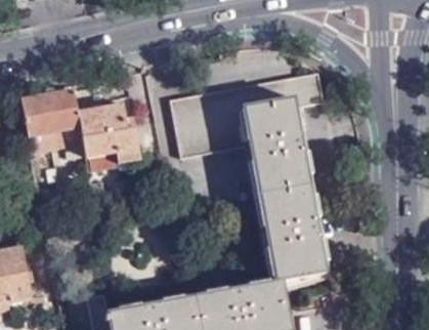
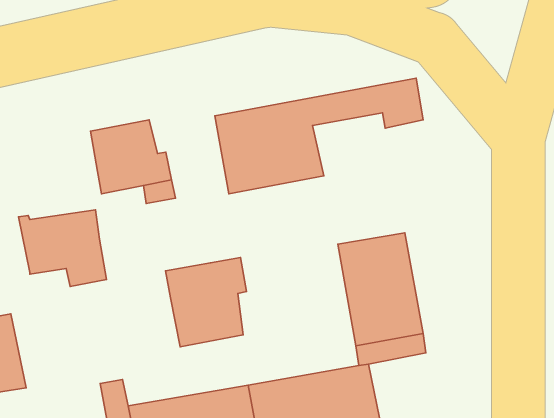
building: [19,89,84,146] -> [19,210,107,287]
building: [242,97,309,194] -> none
building: none -> [165,258,247,347]

